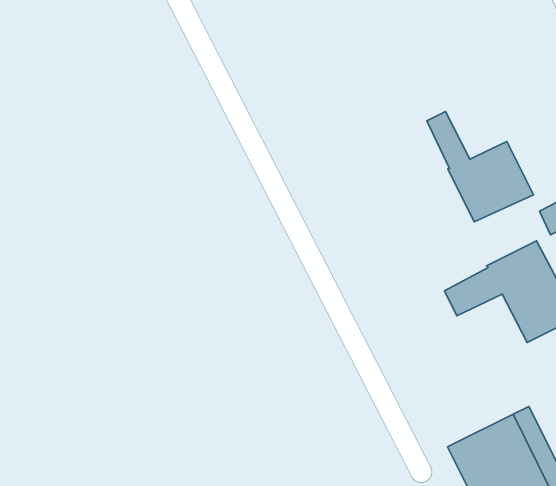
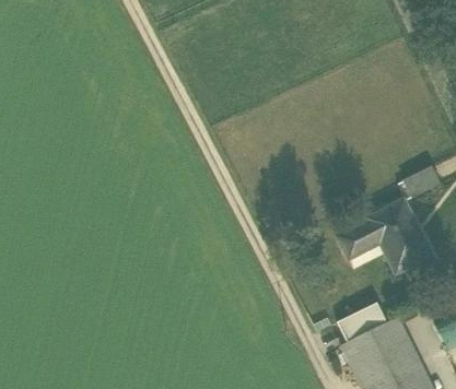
building: [427,111,534,222] -> none
building: none -> [339,305,388,344]

